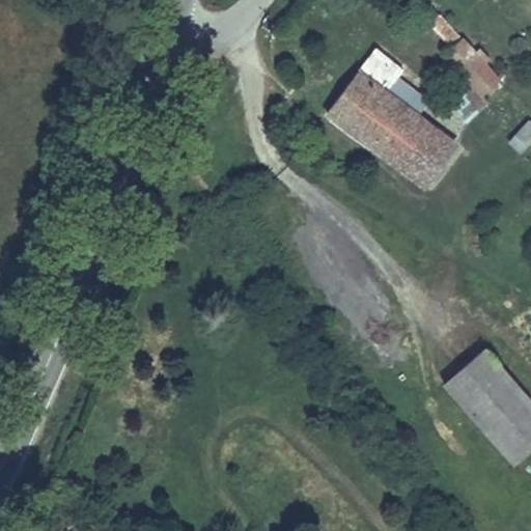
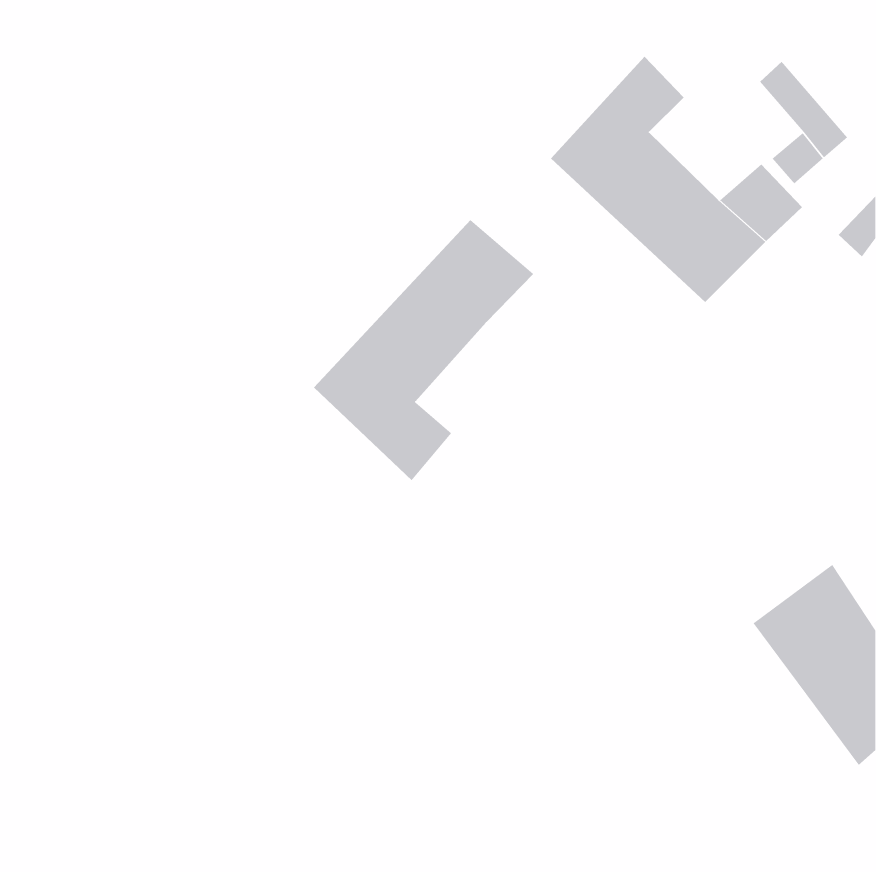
building: none -> [313,219,534,481]

